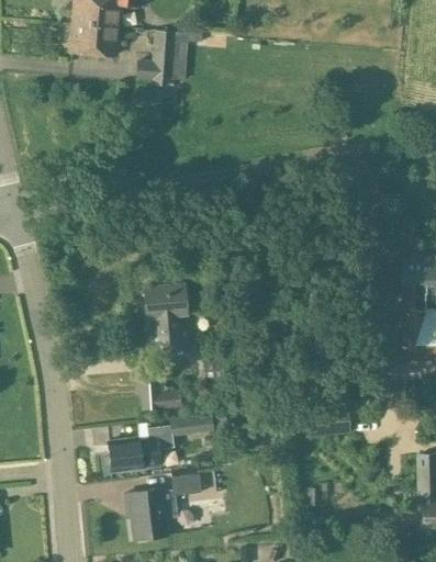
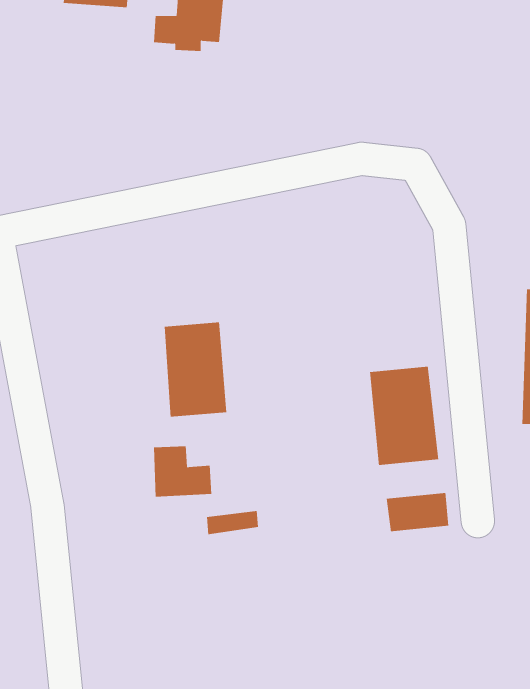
building: none -> [370,366,439,466]
building: [105,435,172,471] -> none
building: [125,473,203,539] -> none

